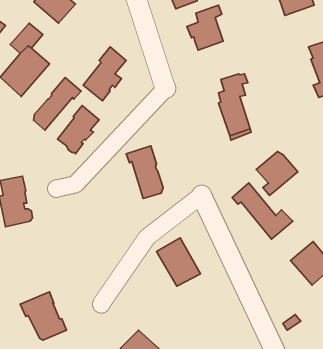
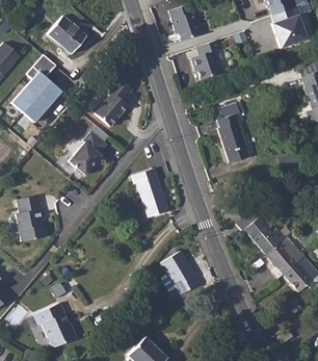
building: [33,78,81,130] -> none
building: [256,152,298,195] -> [267,237,306,278]

